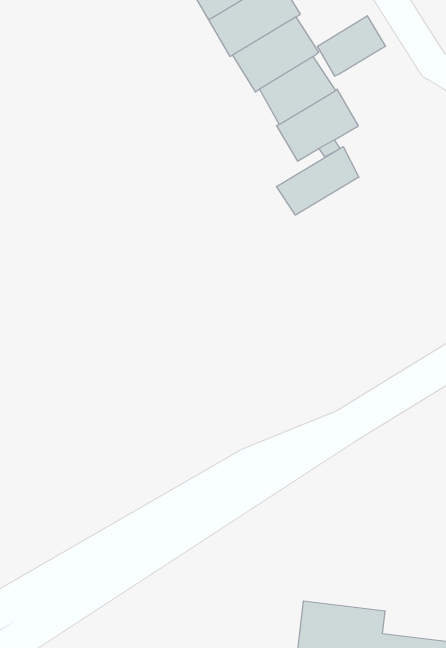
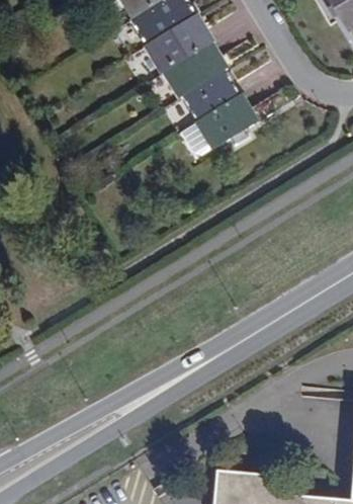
building: [317,16,385,76] -> none
building: [277,147,359,215] -> none

